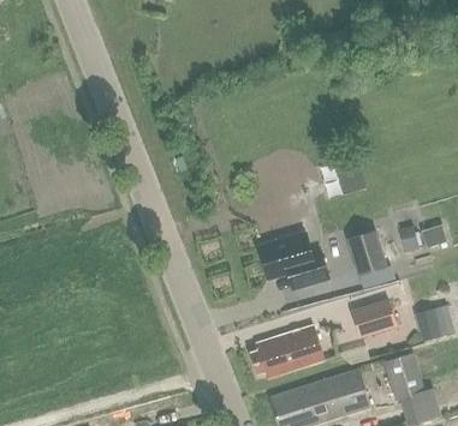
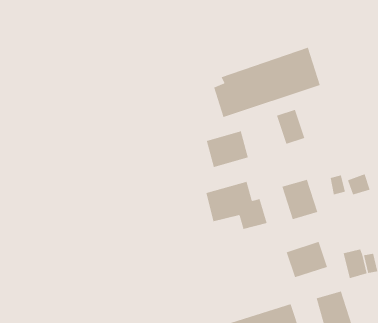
building: none -> [213,47,320,118]
building: none -> [206,131,248,168]
building: [251,324,325,378] -> none

